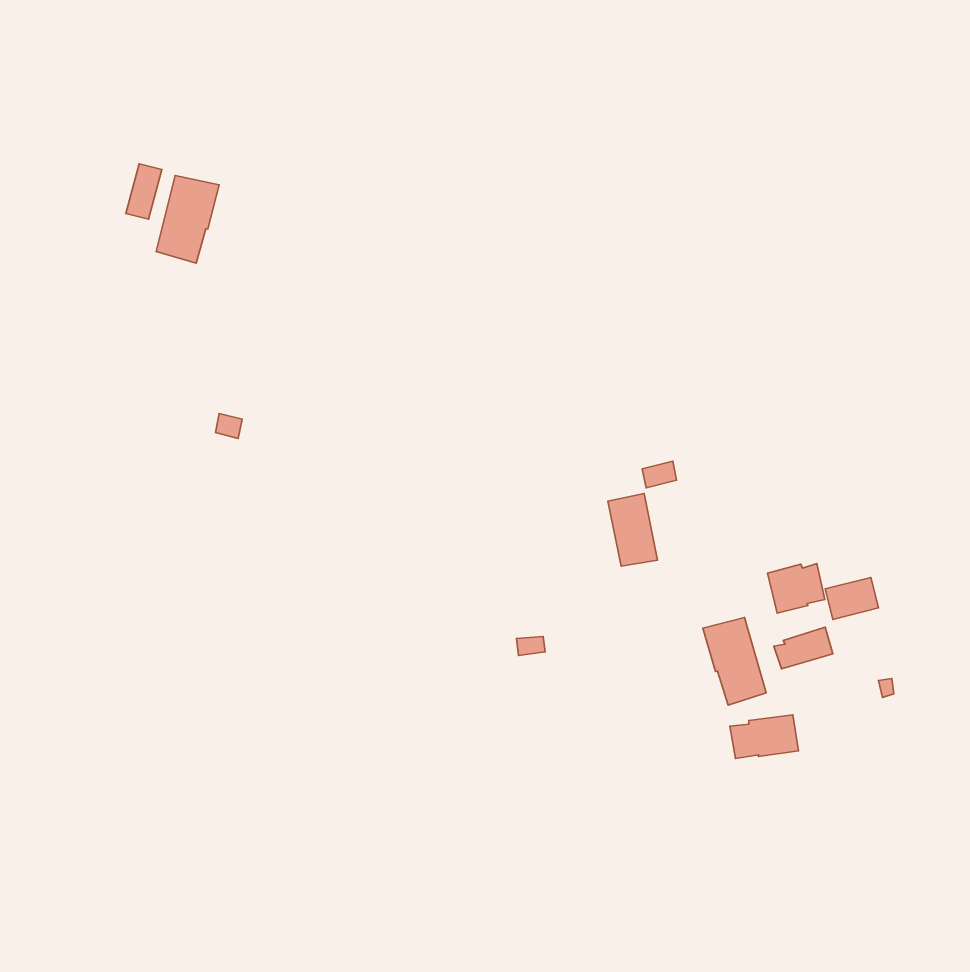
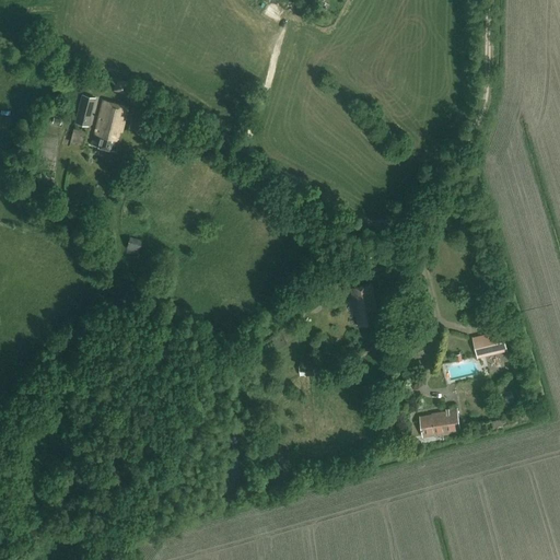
building: [768,564,825,613] -> none
building: [703,618,766,705] -> none

